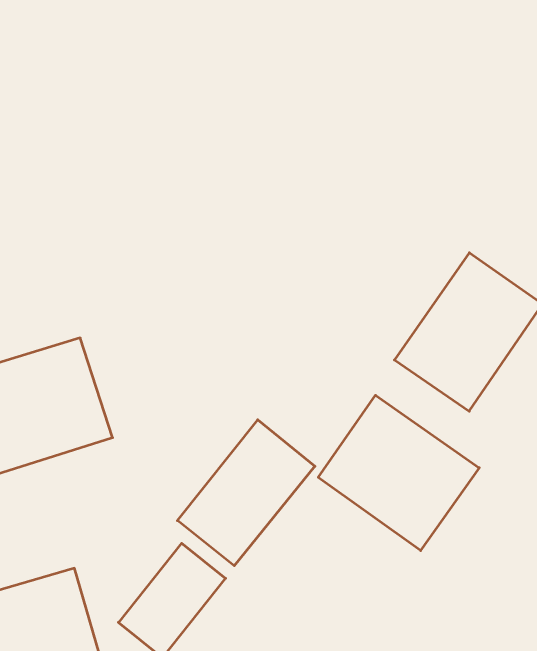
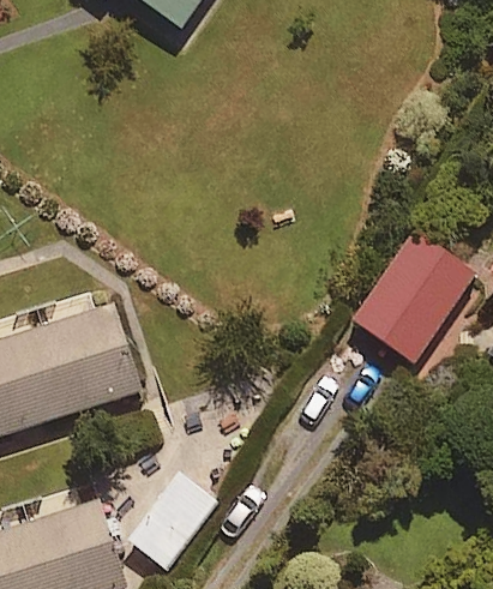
building: [318,395,479,551] -> none
building: [177,420,315,566] -> none

